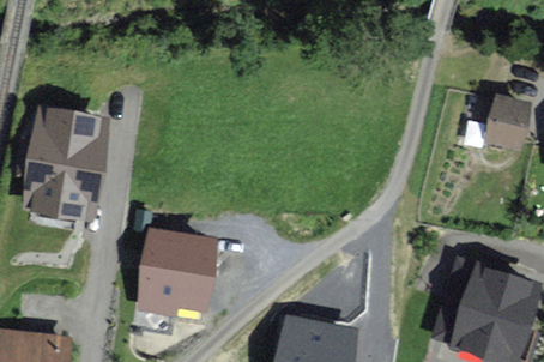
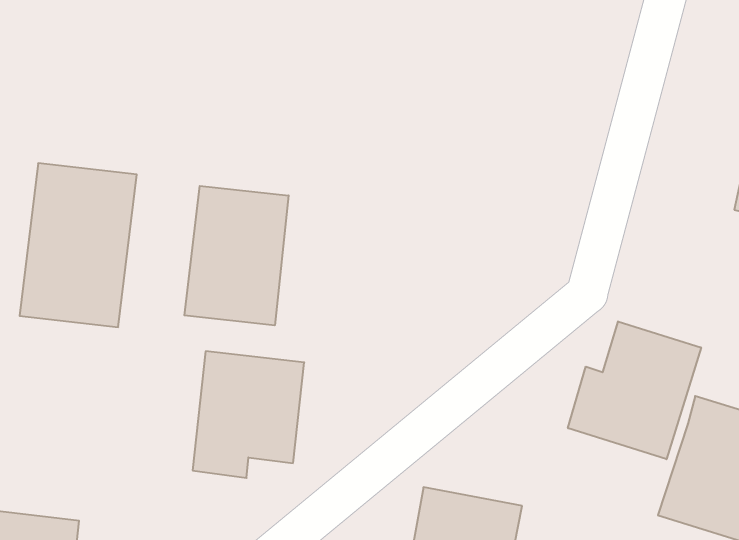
building: none -> [184,186,289,325]
building: none -> [568,321,701,459]

